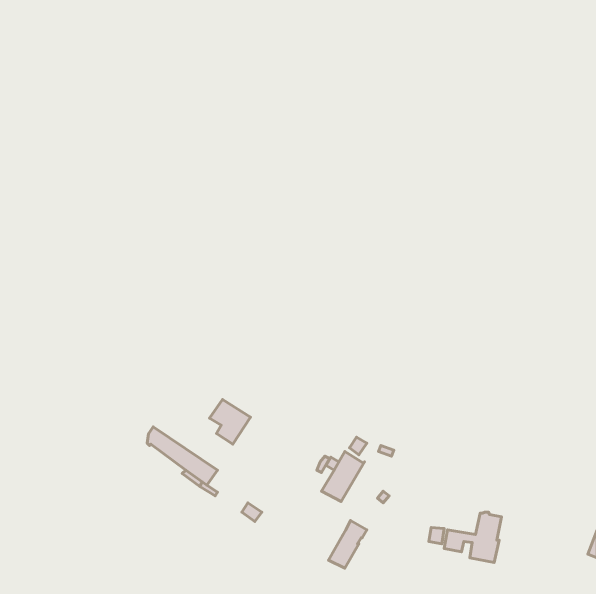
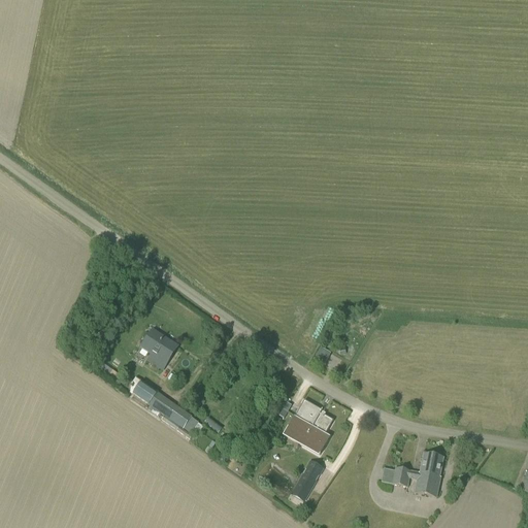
building: [210,400,250,444] -> [142,329,178,368]
building: none -> [302,407,334,453]

